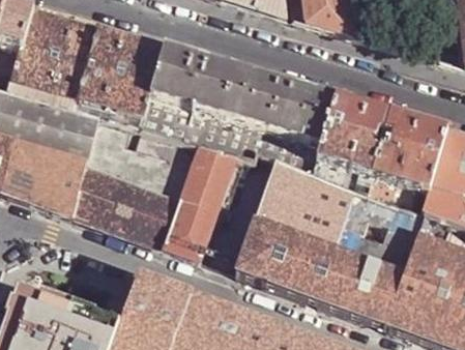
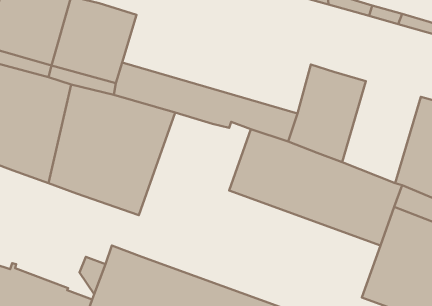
building: [147,45,336,143] -> none
building: [367,111,445,212] -> none
building: [164,142,237,258] -> none
building: [235,220,405,326] -> none

